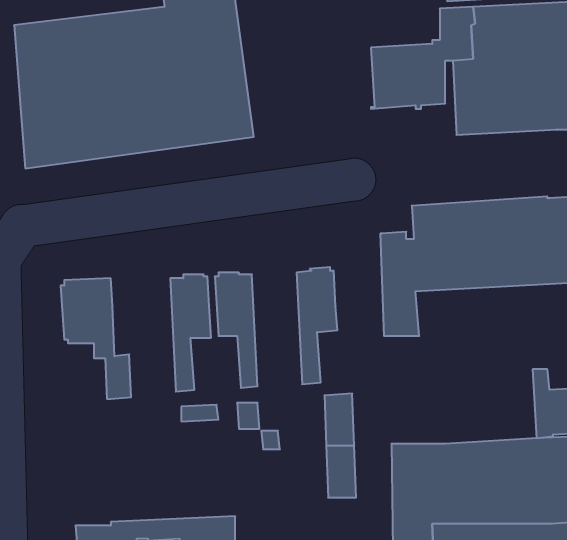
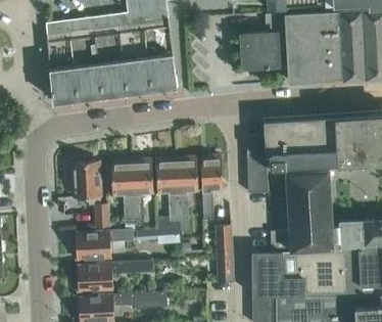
building: none -> [176,156,198,221]
building: none -> [110,160,134,224]
building: none -> [271,171,332,252]
building: none -> [75,230,133,260]
building: none -> [77,261,153,291]

